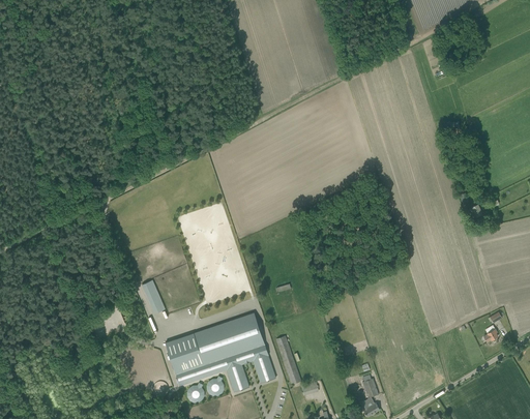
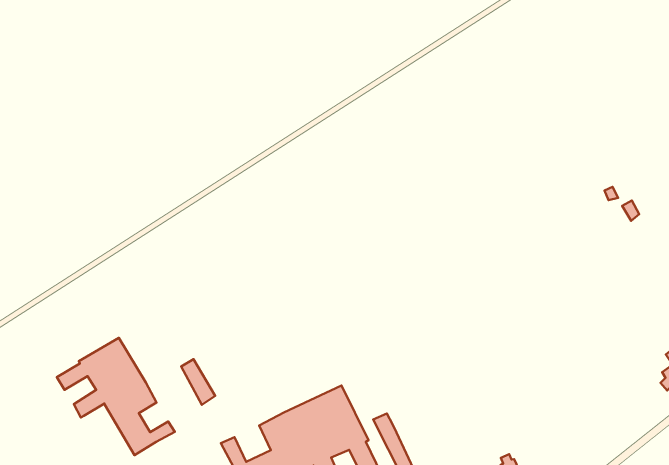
building: none -> [57,338,175,455]

